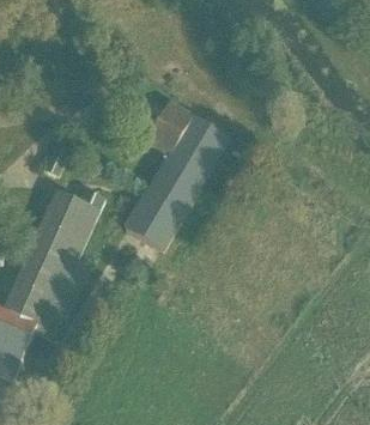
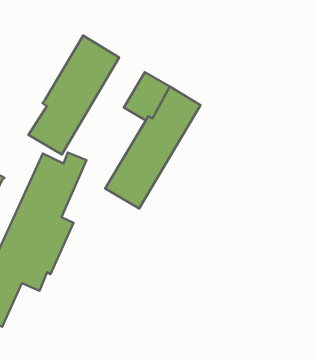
building: none -> [28,36,119,154]

